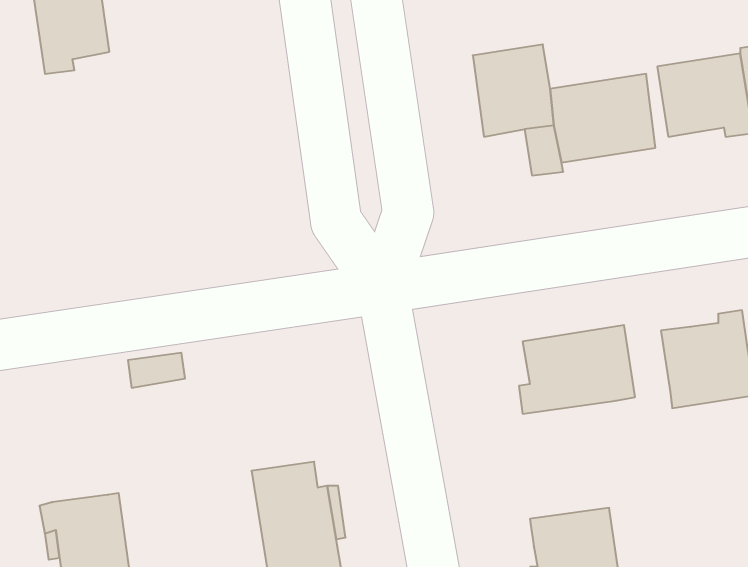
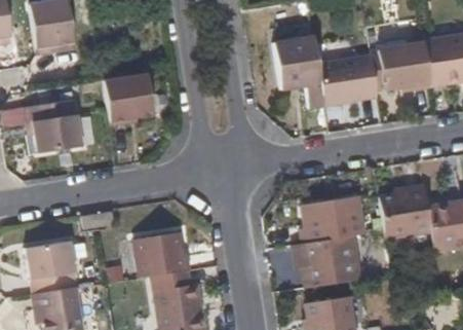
building: none -> [104,73,153,125]
building: none -> [25,101,80,155]
building: none -> [131,217,189,278]
building: none -> [294,236,361,288]
building: none -> [27,241,76,293]

